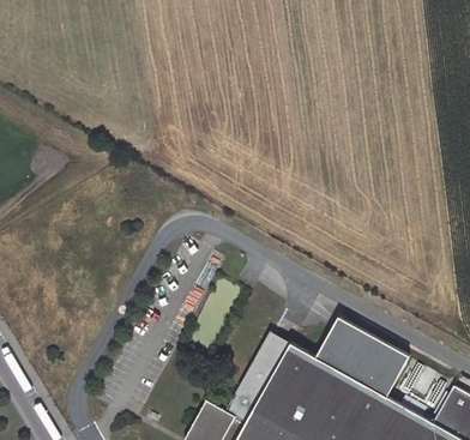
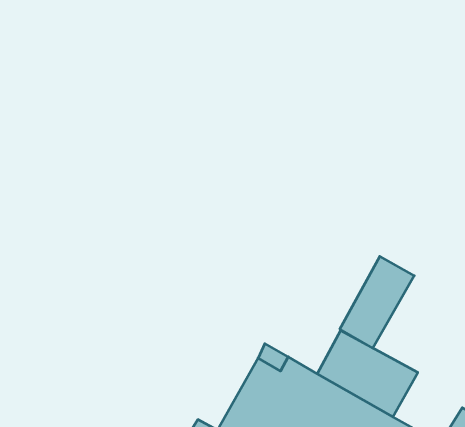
building: none -> [340,256,414,348]

